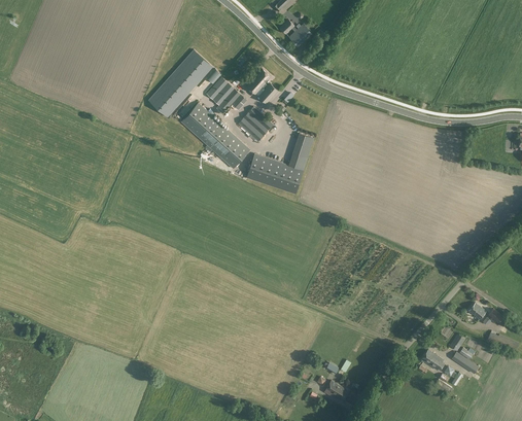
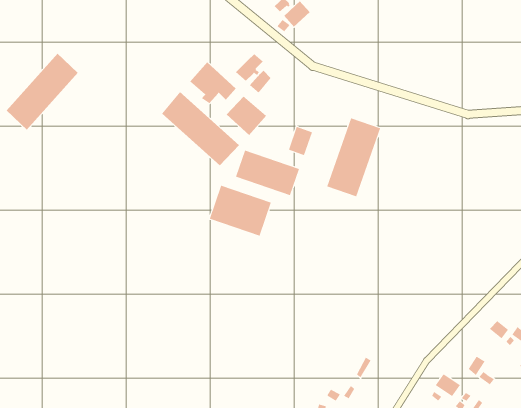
building: [148,49,212,117] -> [6,53,79,130]
building: none -> [326,118,381,197]
building: none -> [209,185,271,237]

